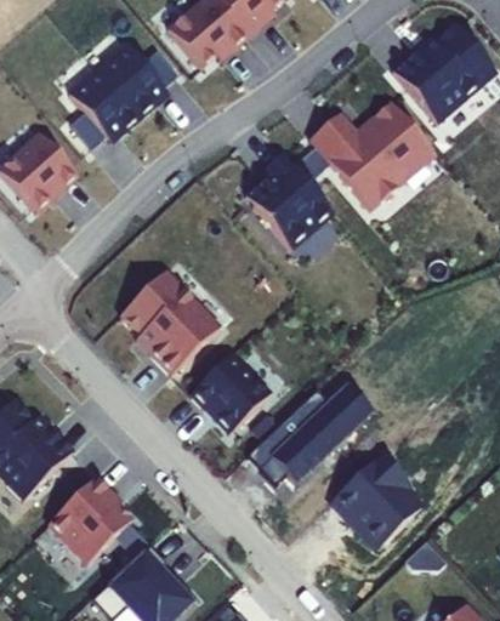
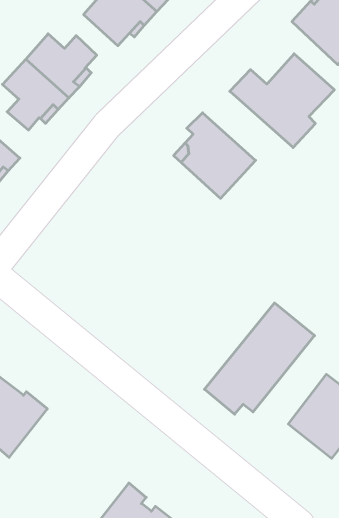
building: [120,272,220,375] -> none
building: [191,354,271,429] -> none
building: [47,478,131,564] -> none

